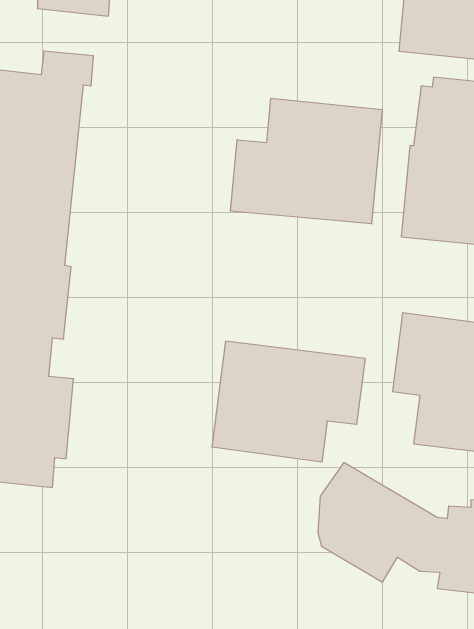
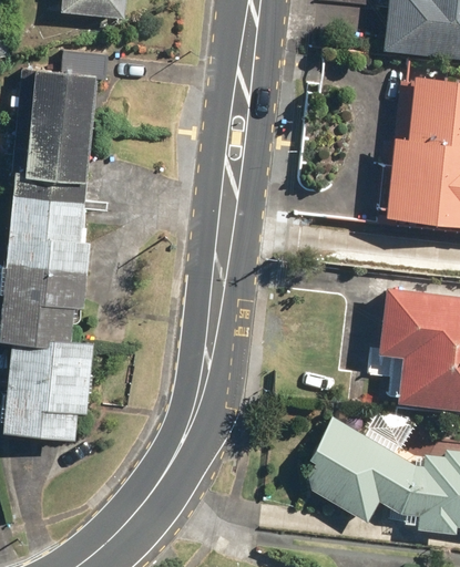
building: [230,98,382,224] -> none
building: [212,341,365,462] -> none

